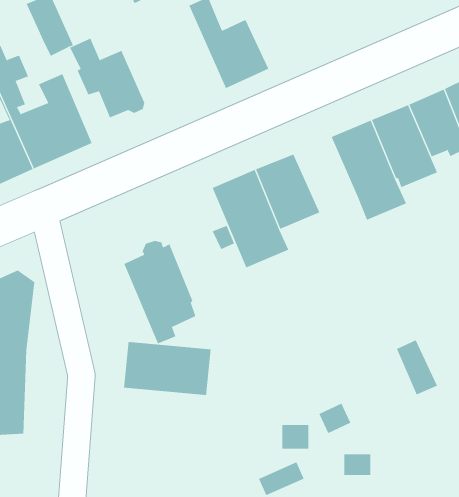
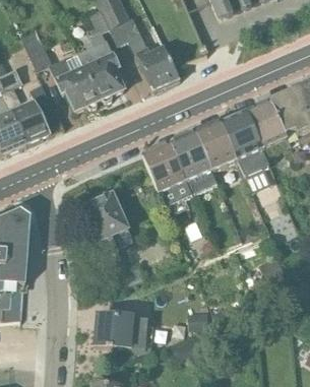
building: none -> [76,39,125,101]
building: none -> [196,122,238,172]
building: [123,341,211,396] -> [96,312,153,347]

